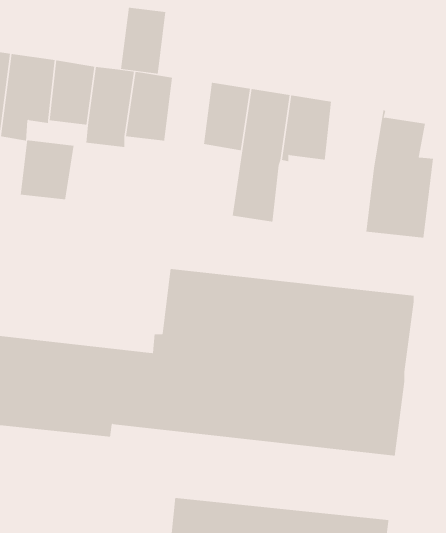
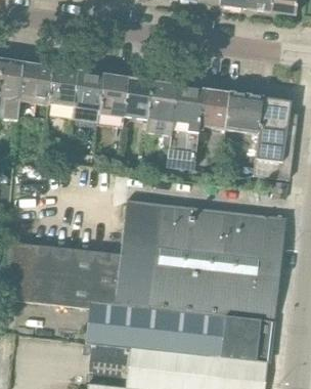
building: [120,7,166,74] -> [124,77,153,120]
building: none -> [227,92,264,135]
building: [20,140,74,200] -> none
building: none -> [85,300,272,361]

